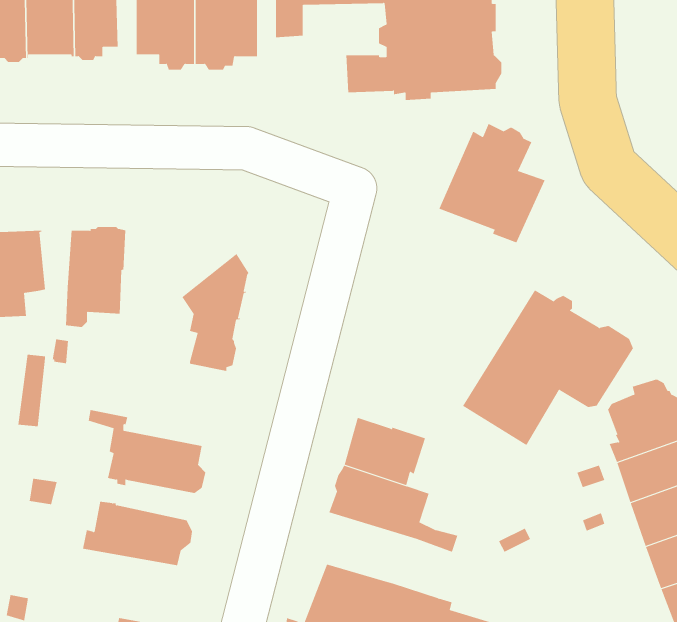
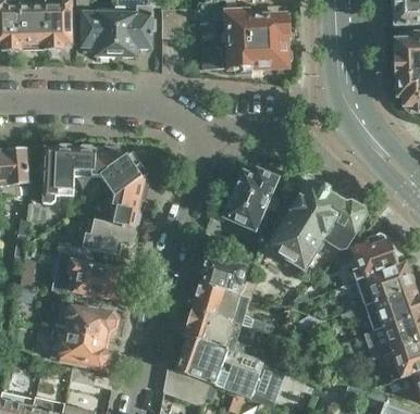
building: [439,123,546,243] -> [223,167,284,236]
building: none -> [75,146,139,195]
building: none -> [57,218,135,256]
building: none -> [184,309,257,357]
building: none -> [49,329,108,366]

